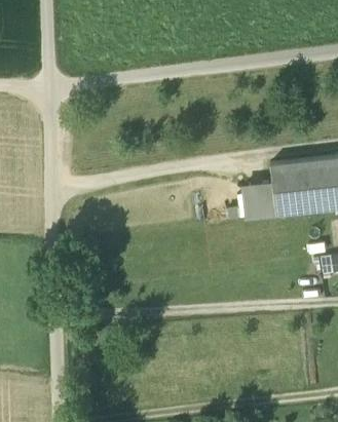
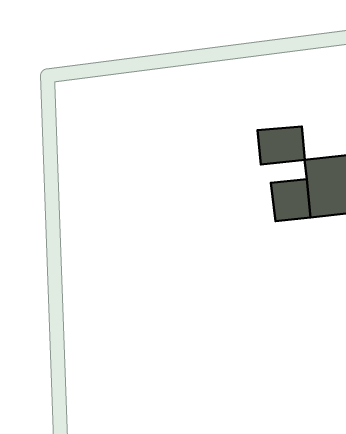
building: none -> [257,127,305,165]

